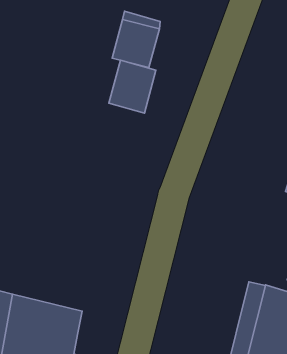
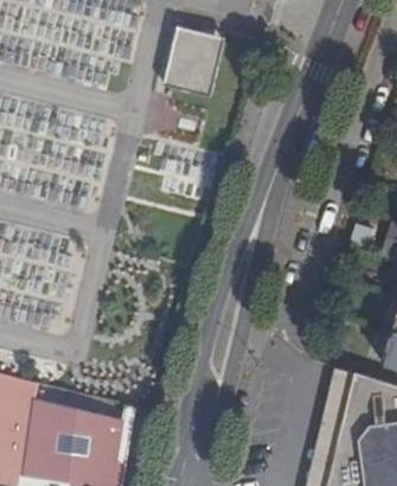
building: [109,60,156,113] -> none

